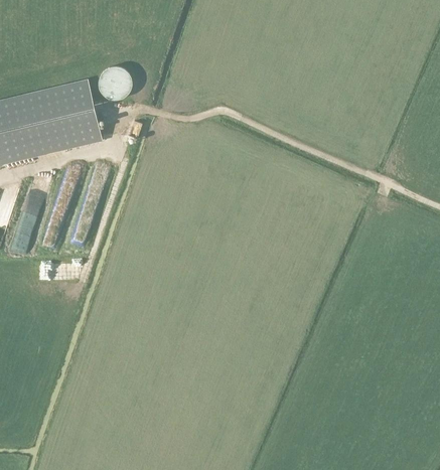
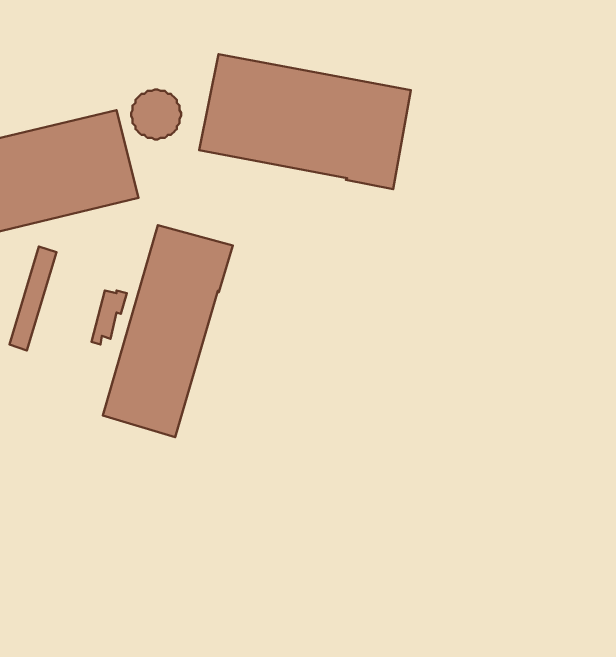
building: none -> [199,54,411,189]
building: none -> [103,225,233,437]

